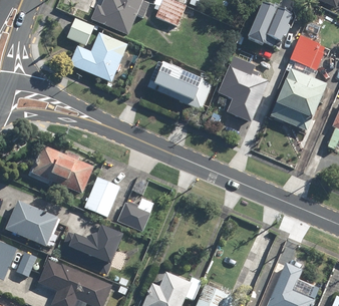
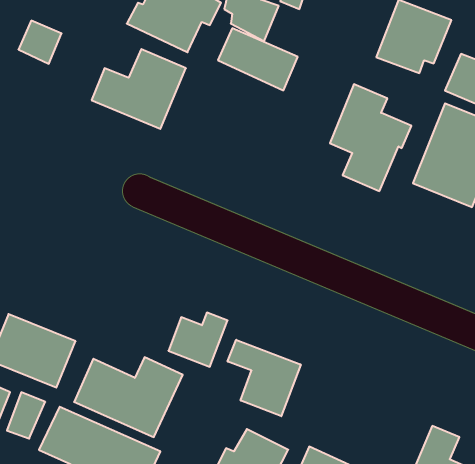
building: [66,17,93,44] -> [18,21,62,64]
building: [153,62,204,101] -> [218,28,298,90]
building: [32,145,92,194] -> none
building: [82,176,120,217] -> none
building: none -> [228,340,301,416]

